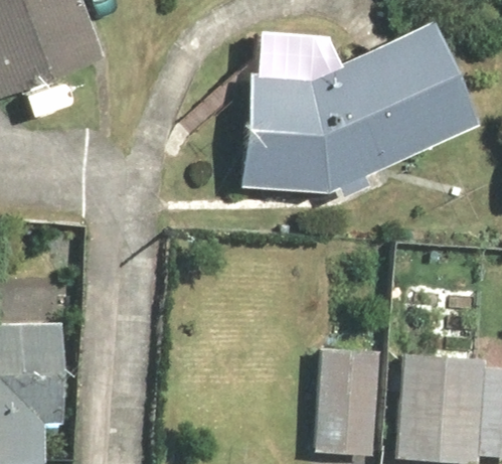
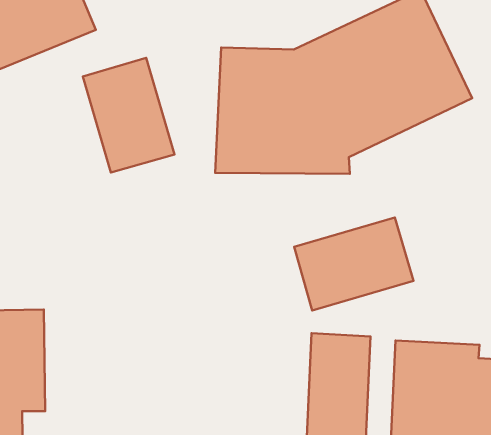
building: none -> [83,58,174,172]
building: none -> [294,217,414,310]

